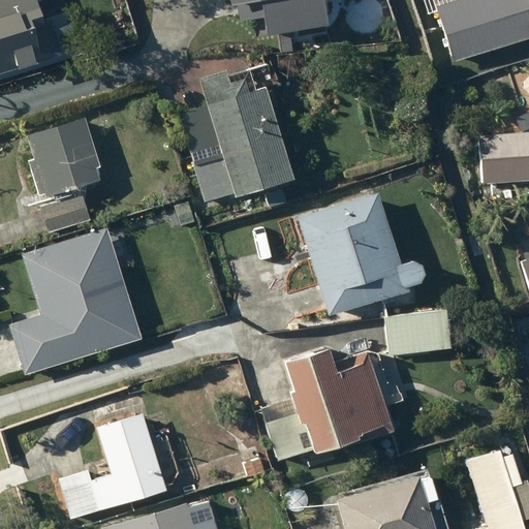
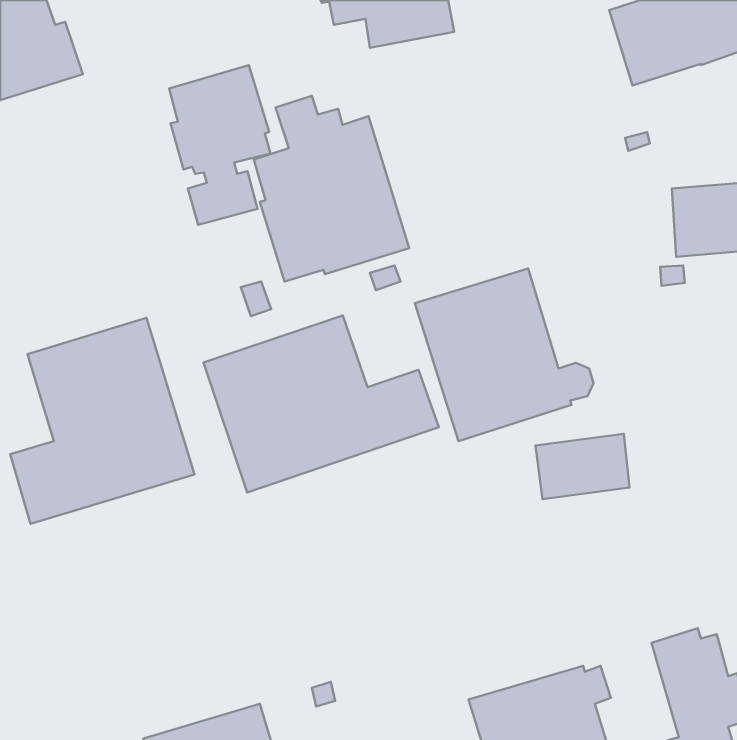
building: [29,119,101,232] -> [169,65,271,225]
building: none -> [204,315,439,493]
building: [266,346,395,461] -> none
building: [60,413,167,519] -> none

